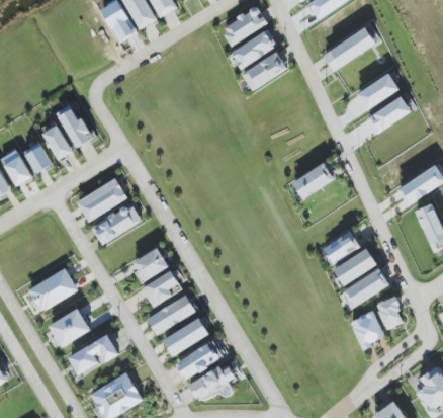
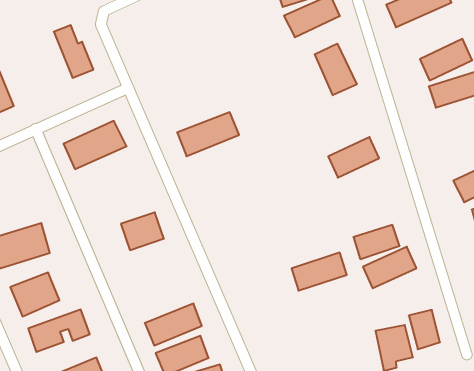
building: none -> [315,44,357,95]
building: [42,124,71,160] -> none
building: [23,142,52,173] -> none
building: [91,203,142,244] -> [177,112,239,156]
building: [141,270,178,307] -> none
building: [343,270,388,306] -> [292,253,347,291]
building: [146,296,195,334] -> none

